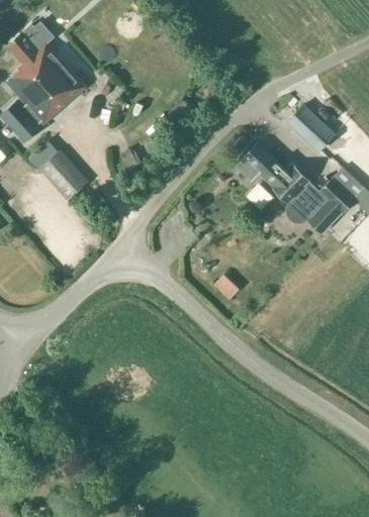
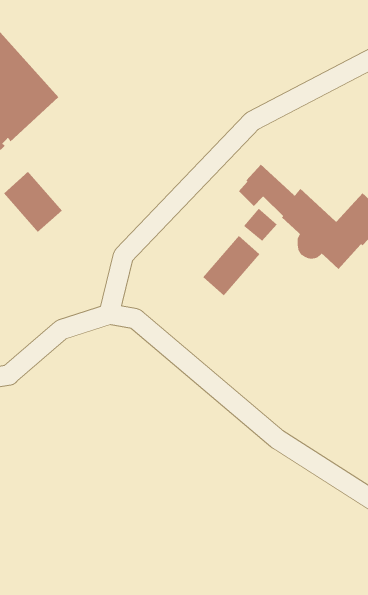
building: [285,103,335,151] -> none
building: none -> [202,235,260,296]

